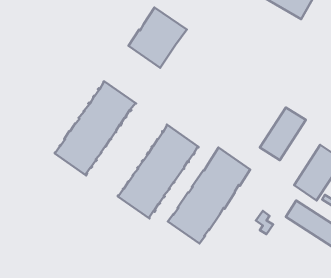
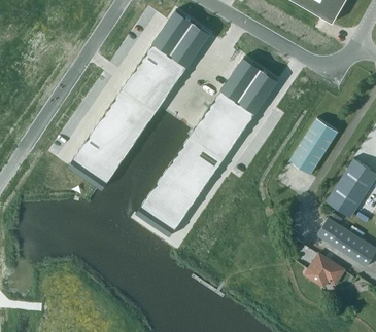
building: none -> [122,51,181,113]
building: [168,148,250,243] -> [189,57,277,159]
building: none -> [304,253,344,286]

